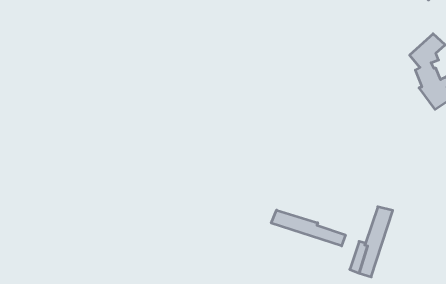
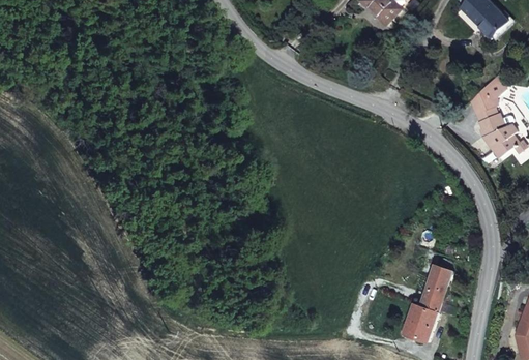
building: [271,210,345,246] -> none

